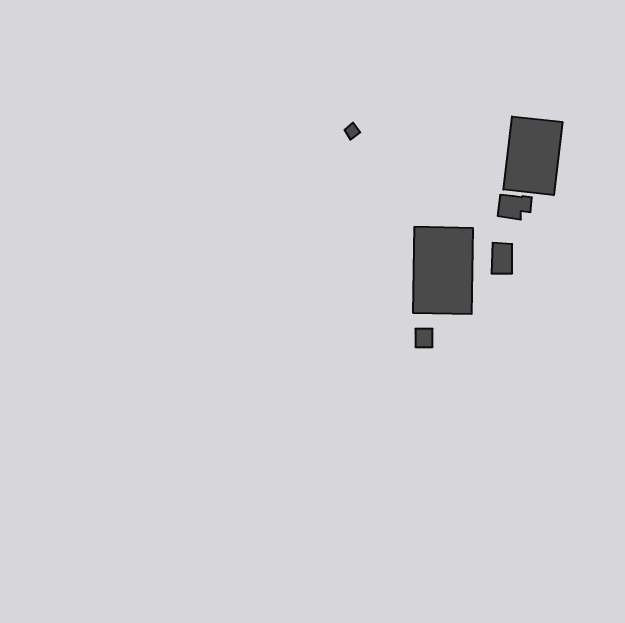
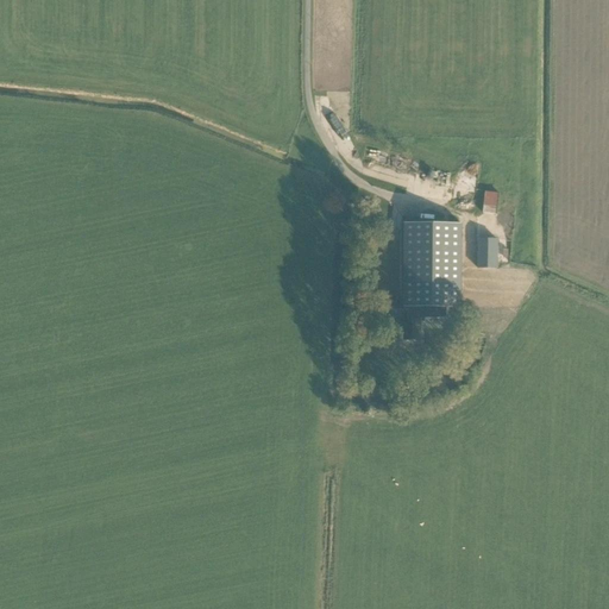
building: [503,116,562,195] -> none

